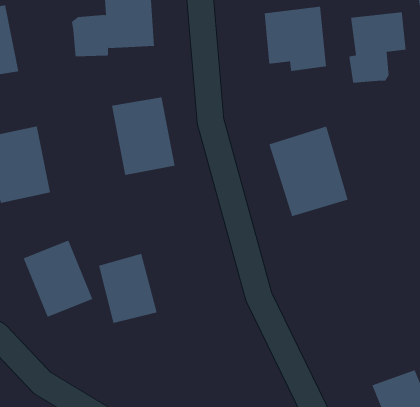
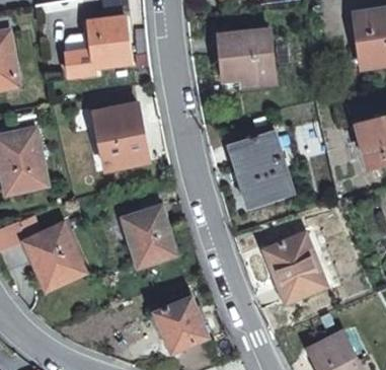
building: [349,11,406,84] -> none
building: none -> [263,235,323,302]
building: [98,253,158,324] -> [124,206,173,265]
building: none -> [156,299,208,352]

